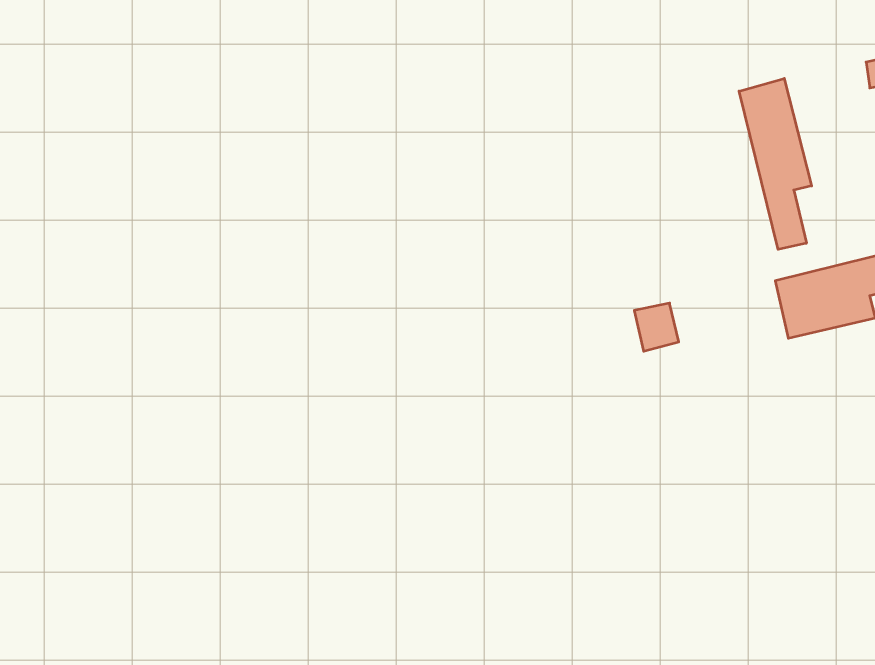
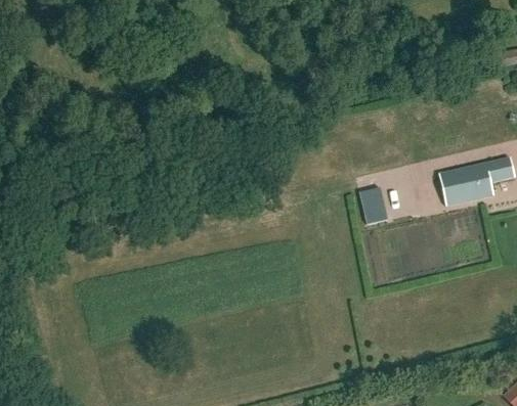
building: [739,78,812,249] -> none

